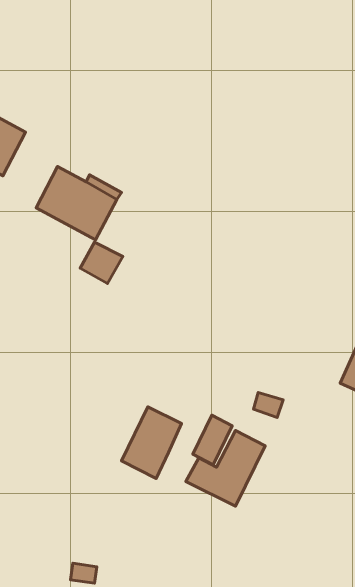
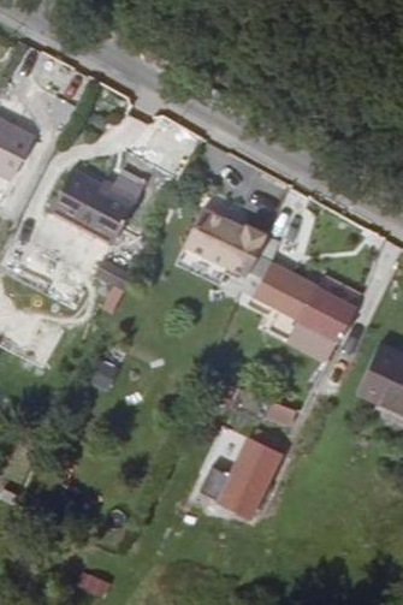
building: none -> [185,210,263,277]
building: none -> [265,267,355,346]
building: [122,407,182,478] -> none

